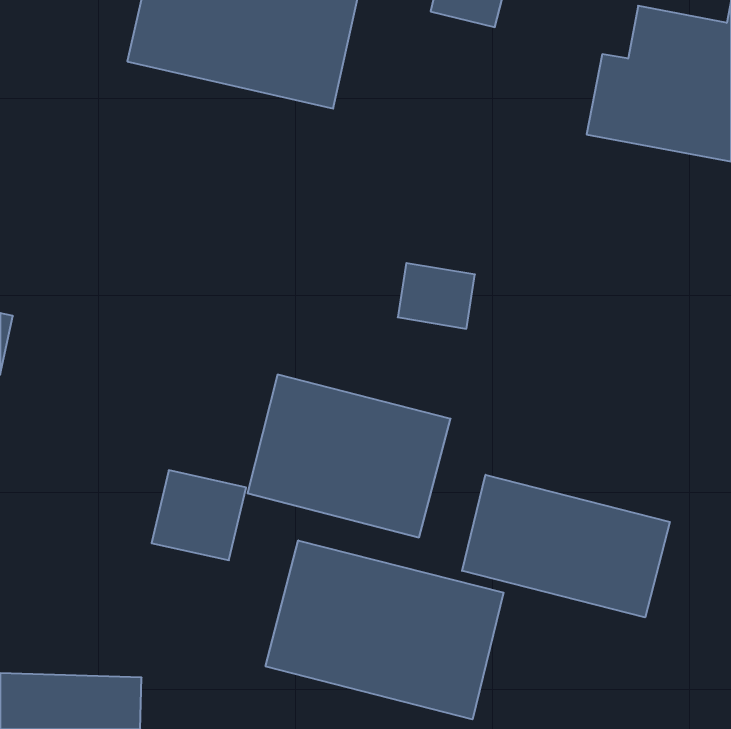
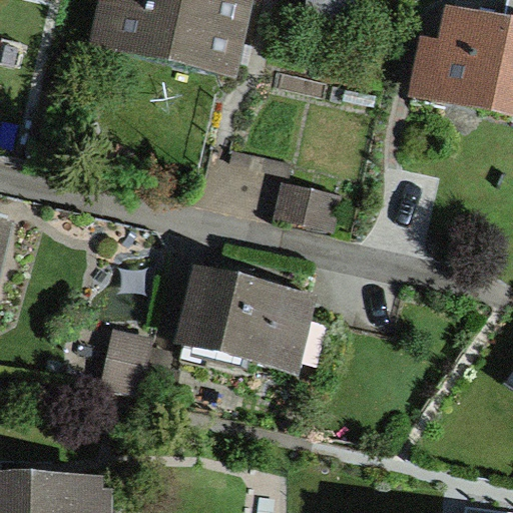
building: [462,475,670,617] -> none
building: [266,540,504,719] -> none

